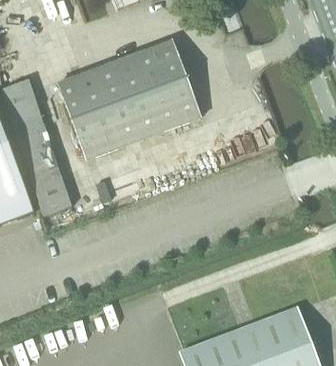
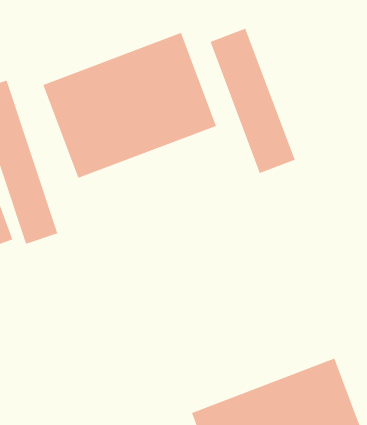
building: none -> [210,28,295,174]

